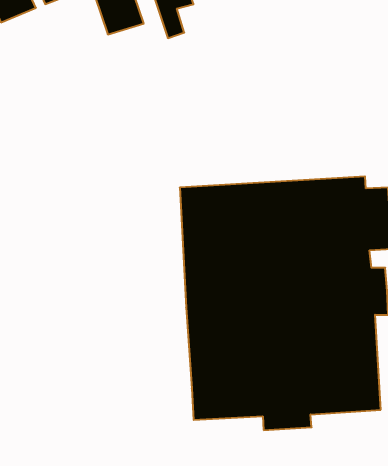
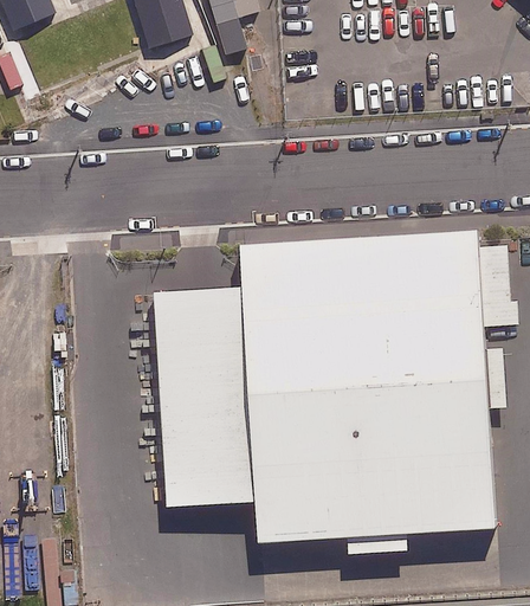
building: none -> [154,284,254,507]

